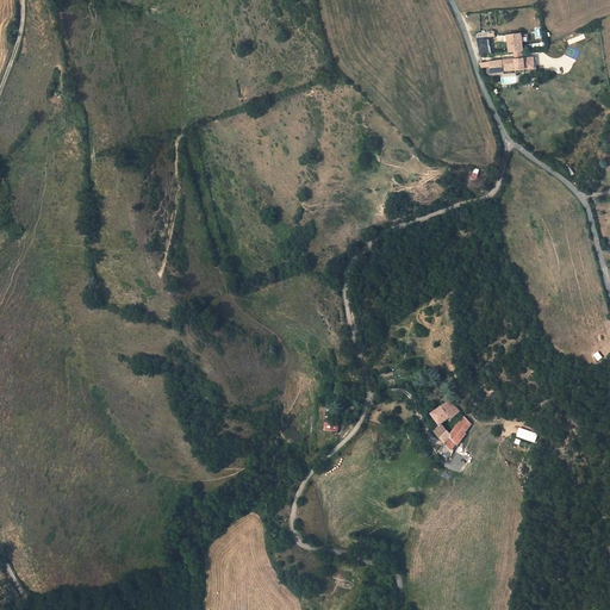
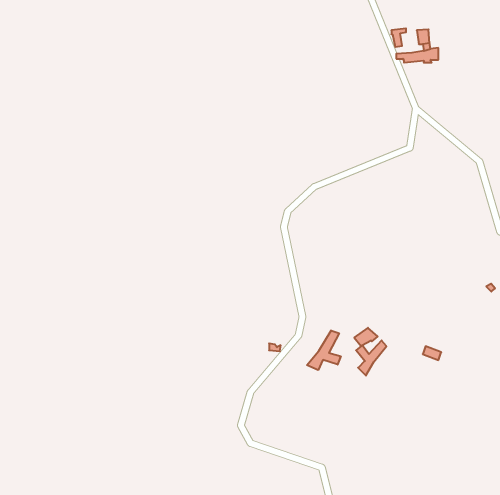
building: none -> [307,330,341,370]

